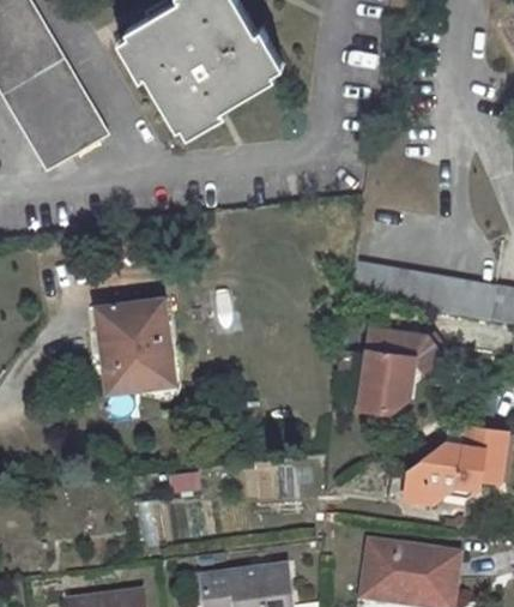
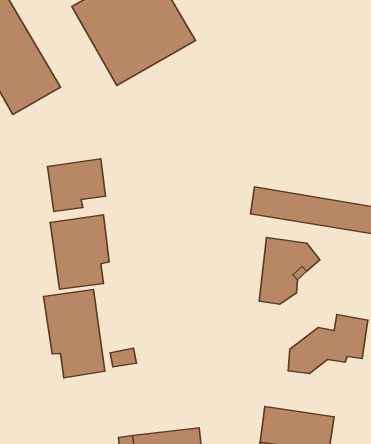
building: none -> [48,159,106,212]
building: none -> [43,289,105,378]

